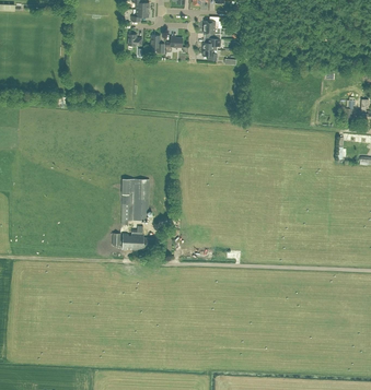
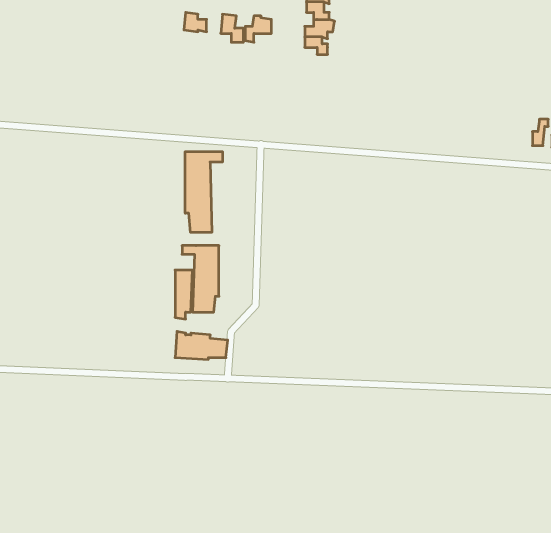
building: none -> [185,152,222,232]

